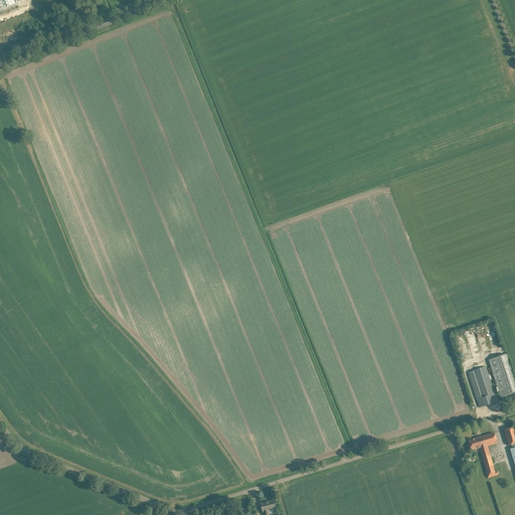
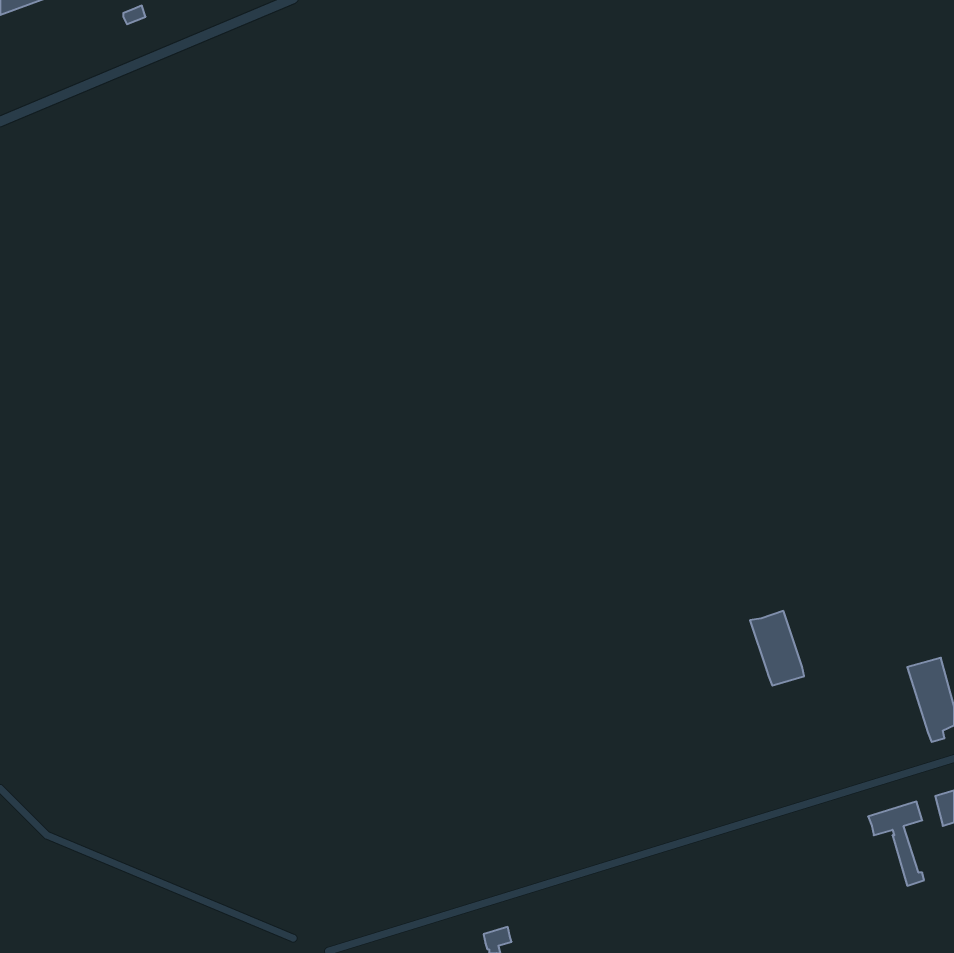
building: [468,366,497,406] -> [750,611,804,686]

